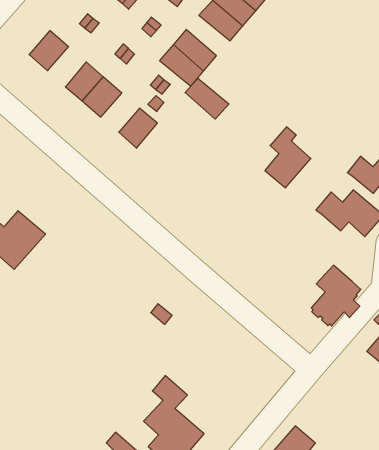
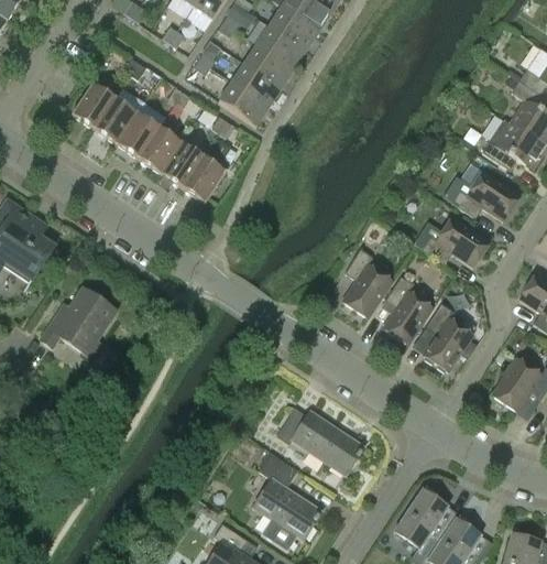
building: none -> [95,97,136,142]
building: [185,78,229,119] -> [243,43,294,86]
building: none -> [161,141,203,185]
building: [265,127,311,188] -> [342,249,392,317]
building: none -> [382,275,433,344]
building: none -> [275,406,364,475]

